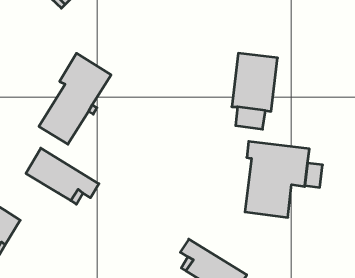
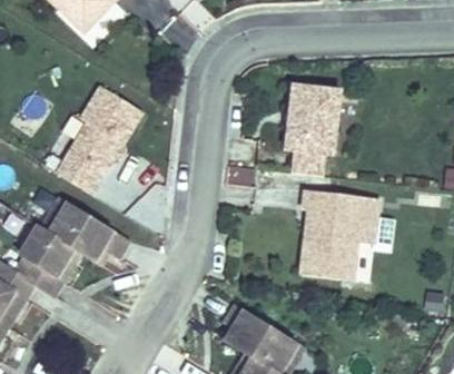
building: none -> [16,225,80,295]

